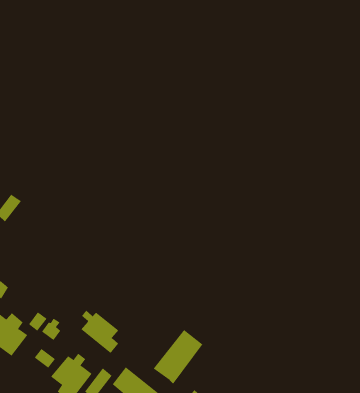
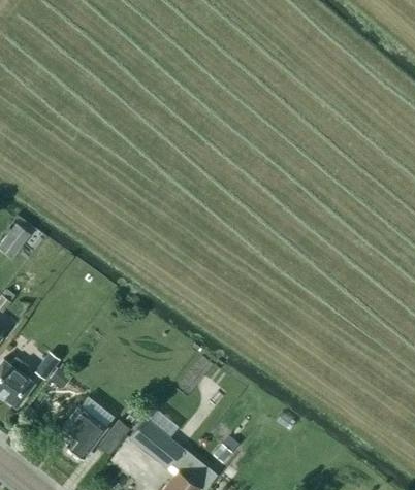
building: [81,310,119,354] -> none
building: [153,329,203,385] -> none

